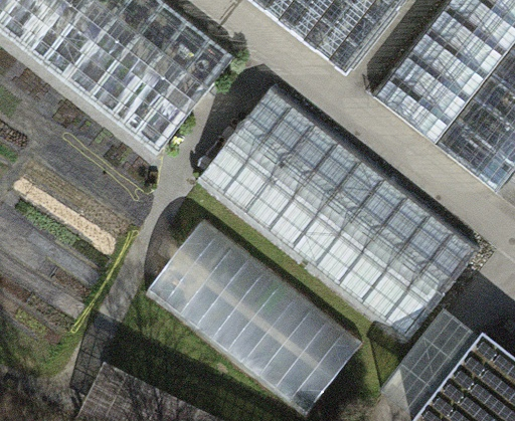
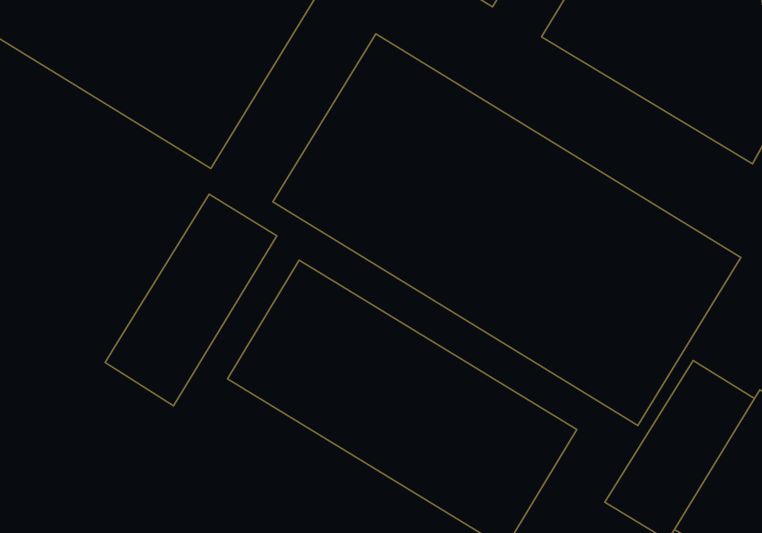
building: none -> [105,194,277,406]

